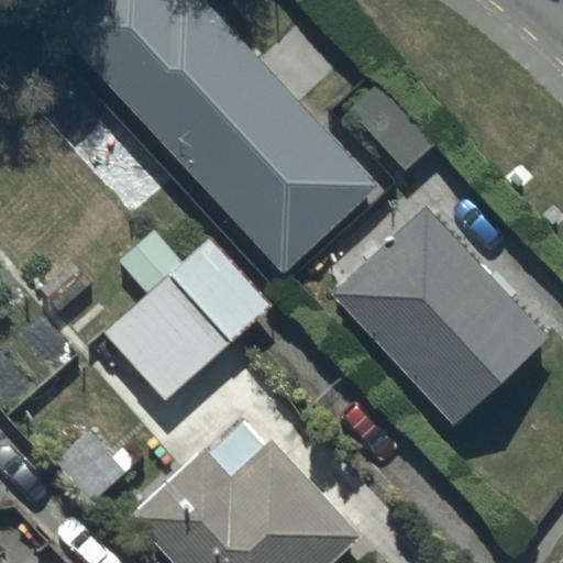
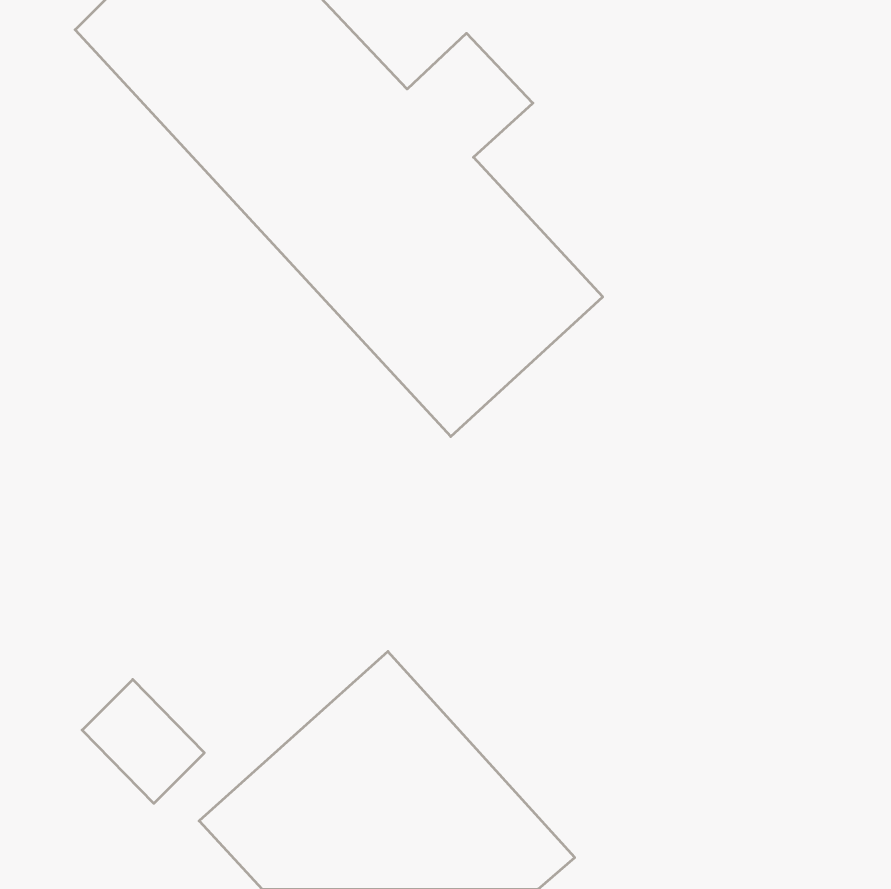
building: [331,207,549,431] -> none
building: [102,227,274,407] -> none

